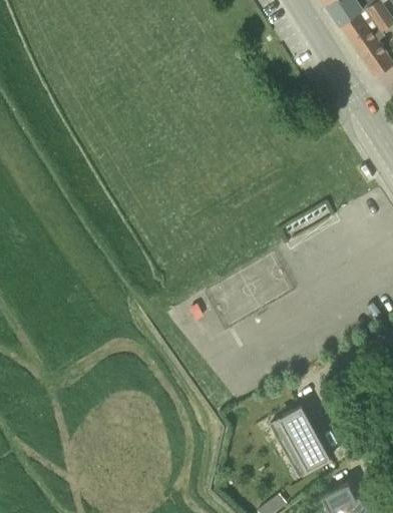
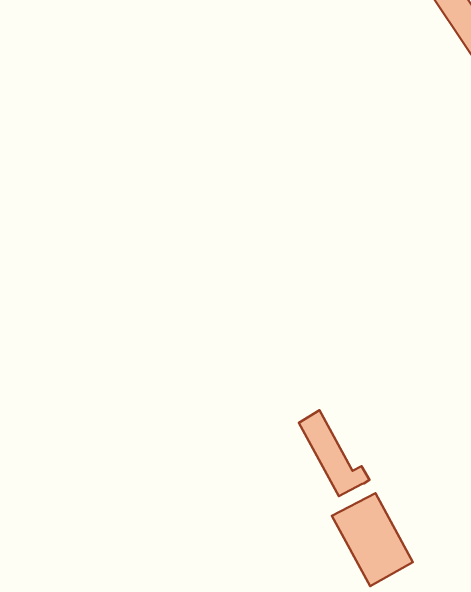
building: none -> [299,410,370,496]

